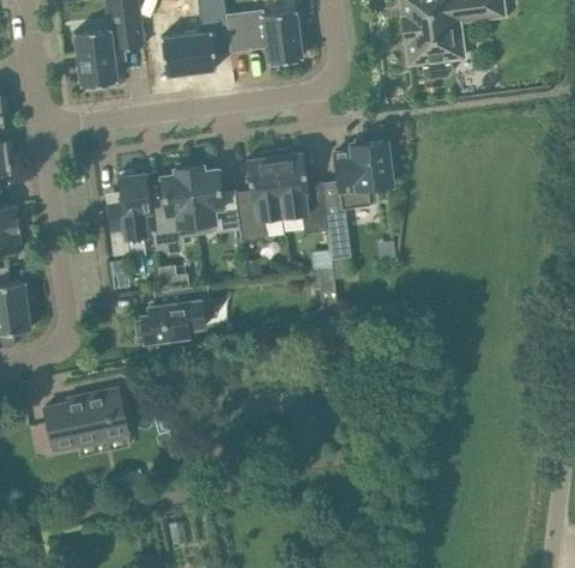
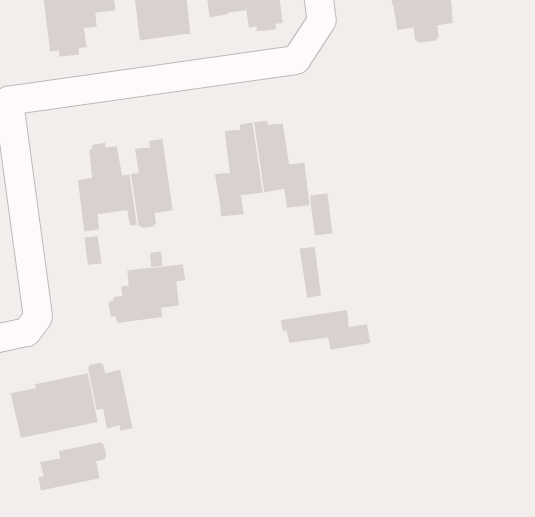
building: [334,141,393,209] -> none
building: [188,165,241,235] -> none
building: none -> [280,309,371,351]
building: none -> [87,362,133,431]
building: none -> [38,442,107,491]

